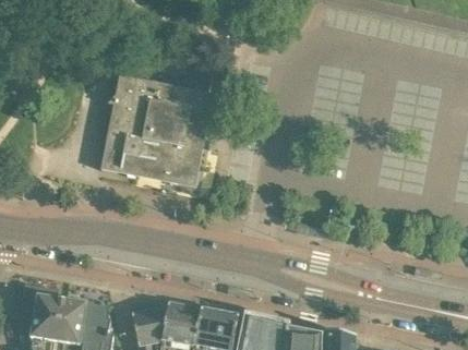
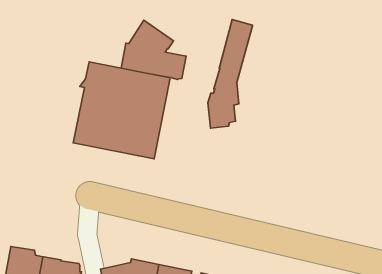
building: none -> [208,19,253,128]
building: none -> [121,20,186,79]

